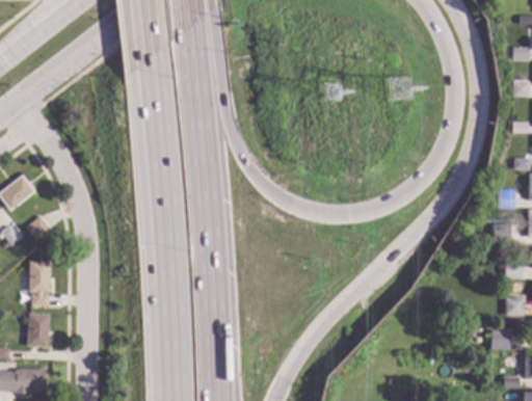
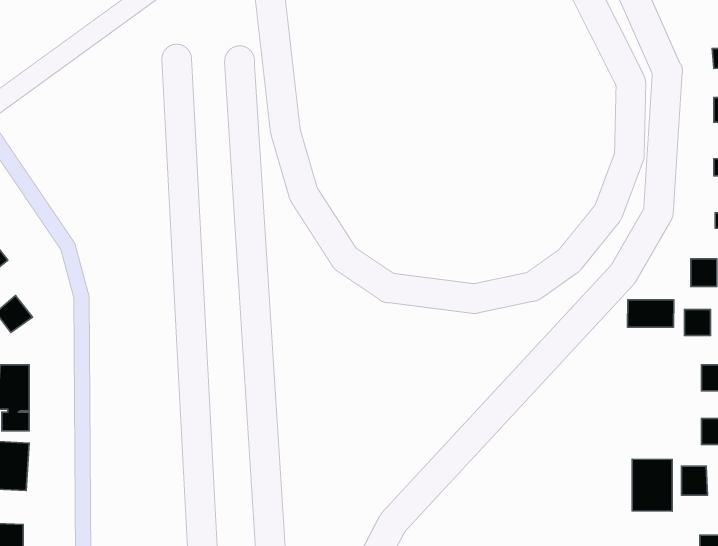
building: none -> [627,300,674,327]
building: none -> [632,459,672,511]

